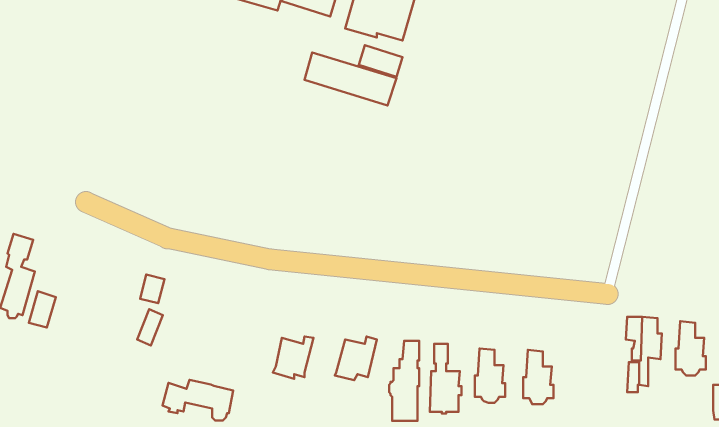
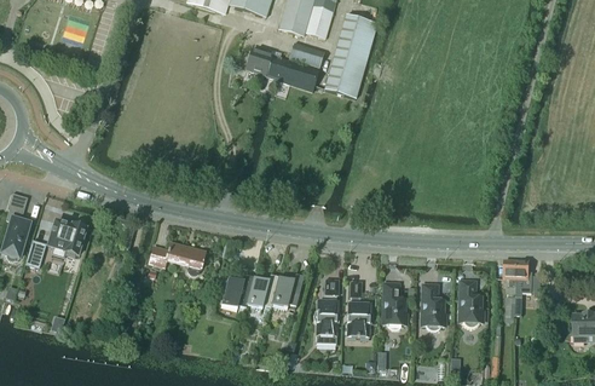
building: none -> [324,13,376,98]
building: none -> [47,220,85,257]
building: [676,321,706,376] -> [458,282,483,325]
building: none -> [245,275,278,309]
building: [162,380,233,421] -> [148,242,204,275]

